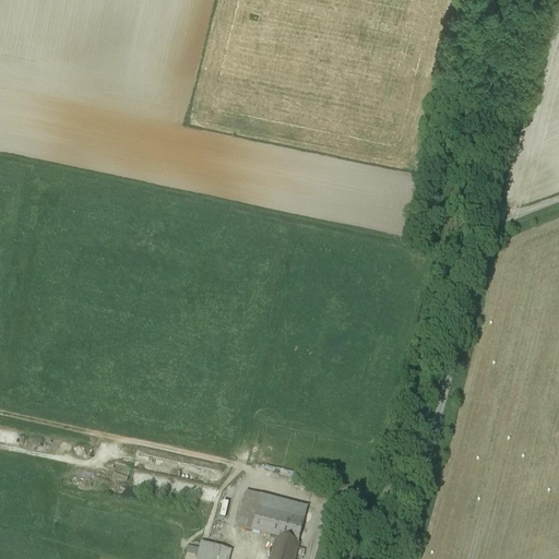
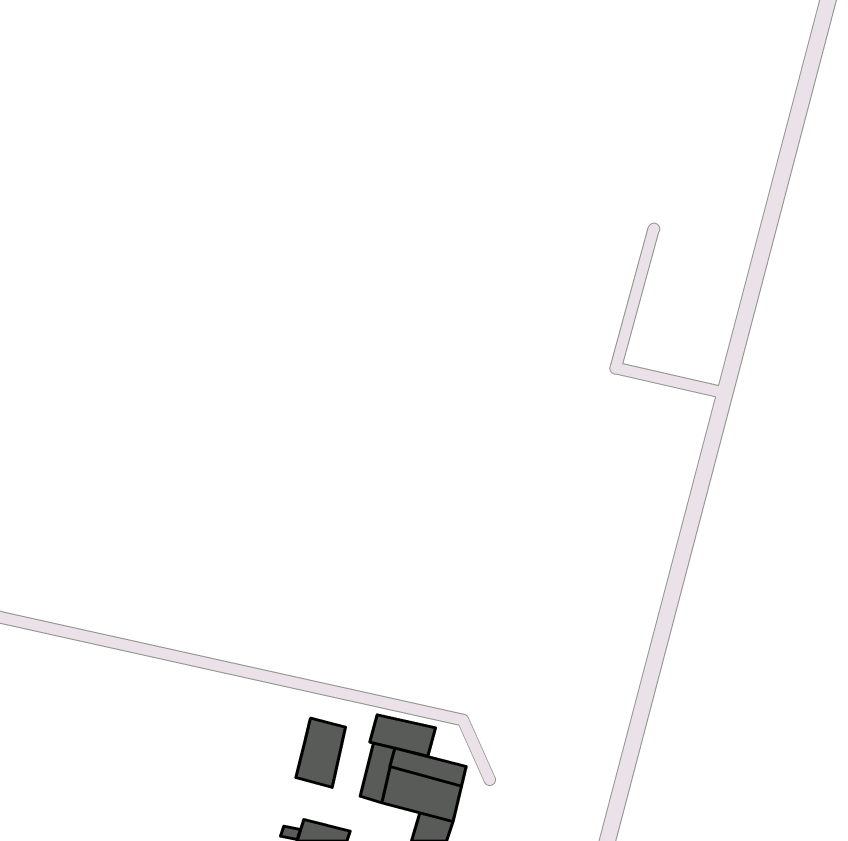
building: none -> [370,715,436,756]
building: none -> [296,718,345,787]

